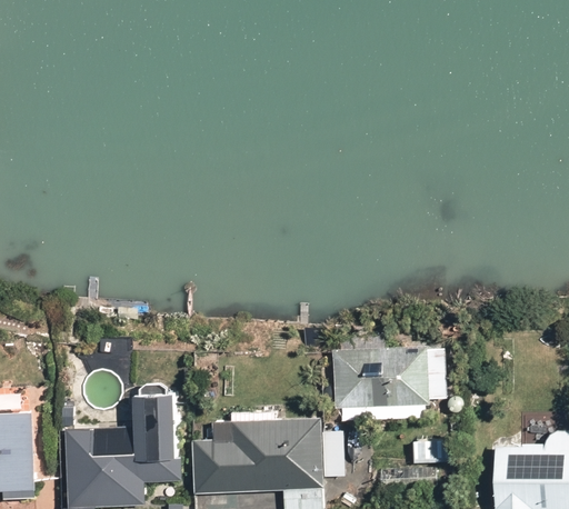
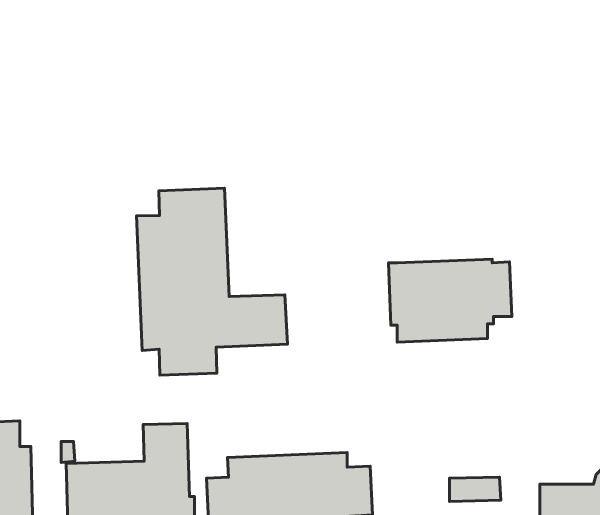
building: none -> [137,188,288,375]
building: [333,346,446,421] -> [389,259,512,342]

